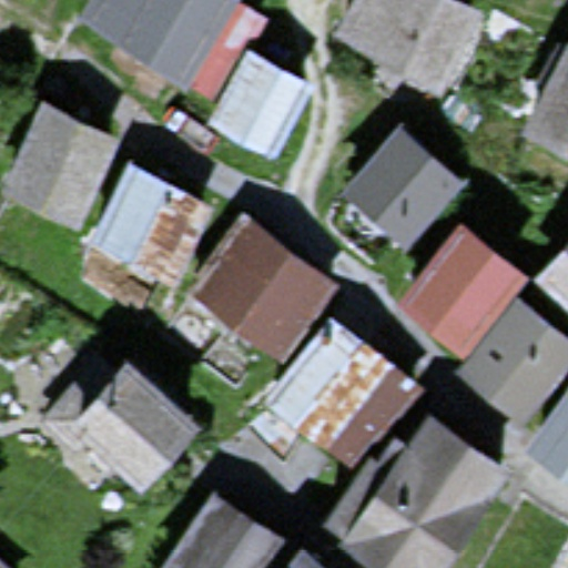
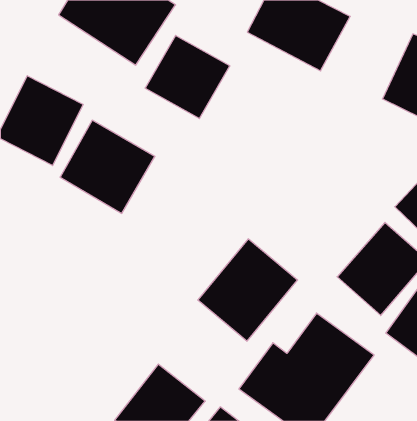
building: [341,131,464,254] -> none
building: [194,221,341,366] -> none
building: [403,230,527,356] -> none
building: [64,361,203,497] -> none

